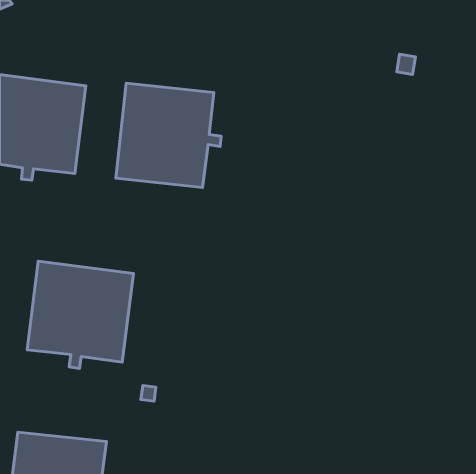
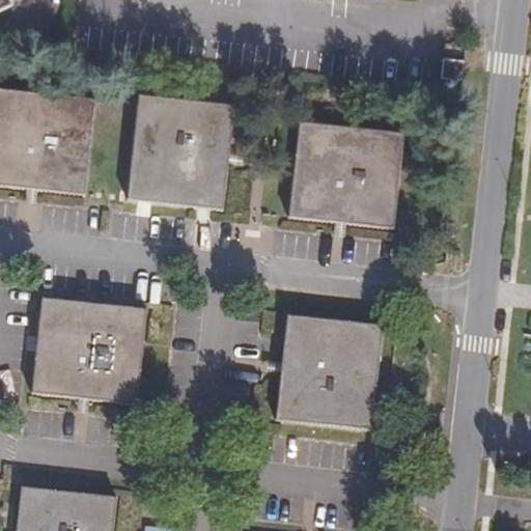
building: none -> [289,122,408,241]
building: none -> [263,313,380,429]

